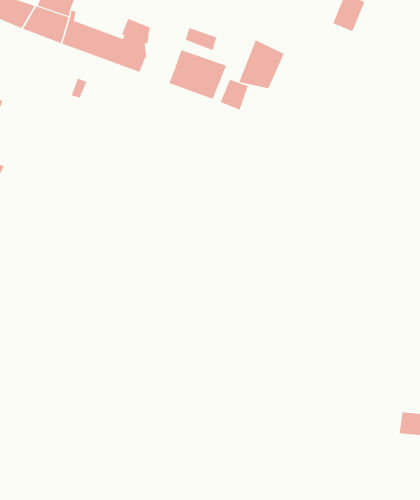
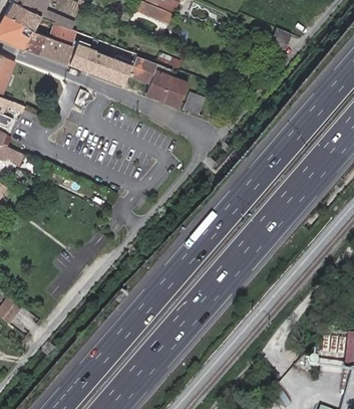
building: none -> [128,57,155,83]
building: [238,40,284,89] -> none

